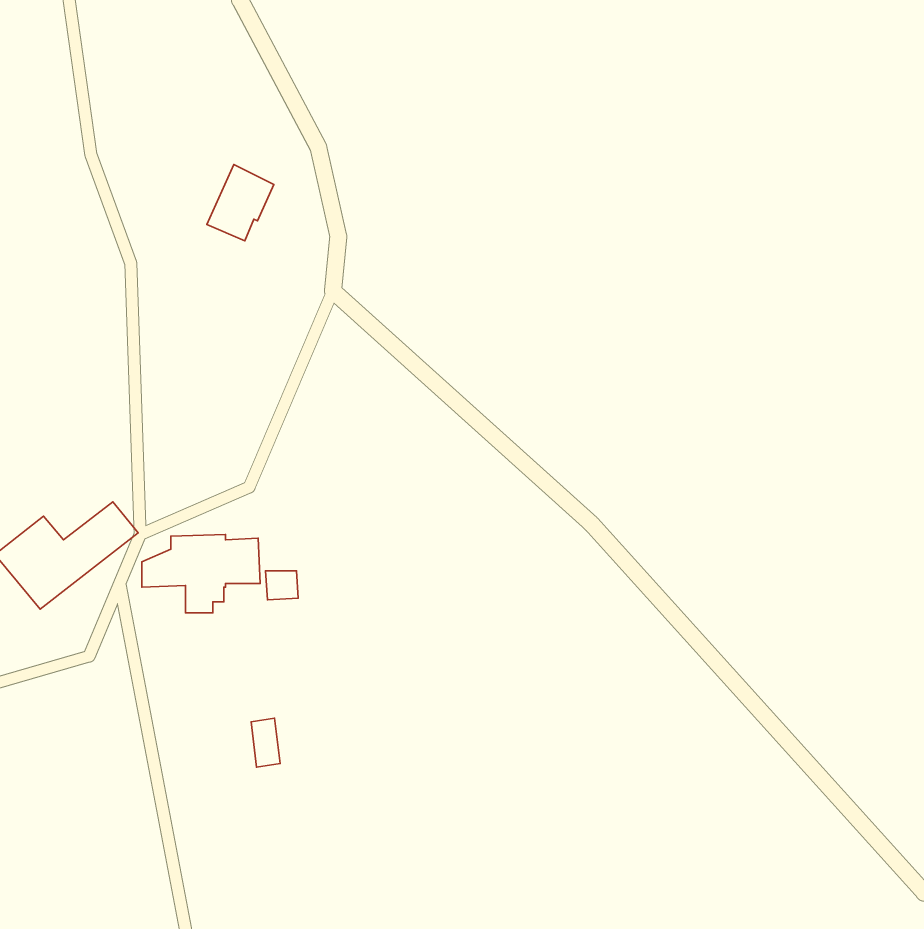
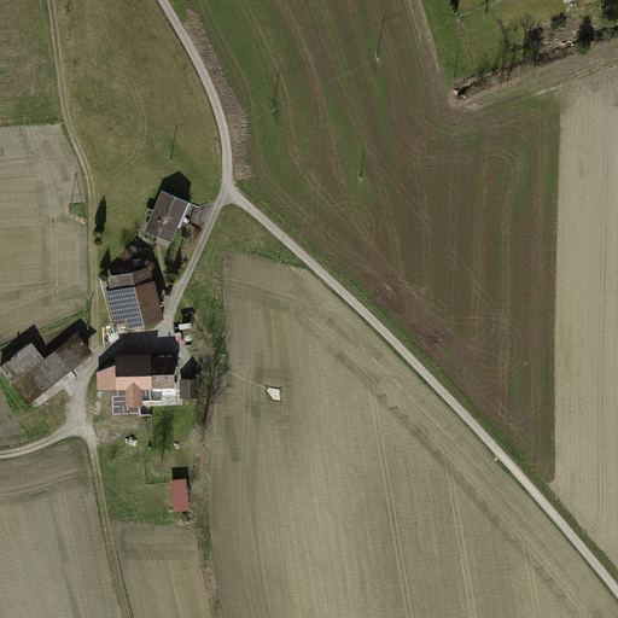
building: [207,164,274,241] -> [144,191,188,241]
building: none -> [103,267,163,330]

